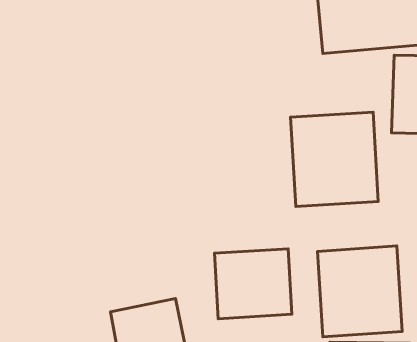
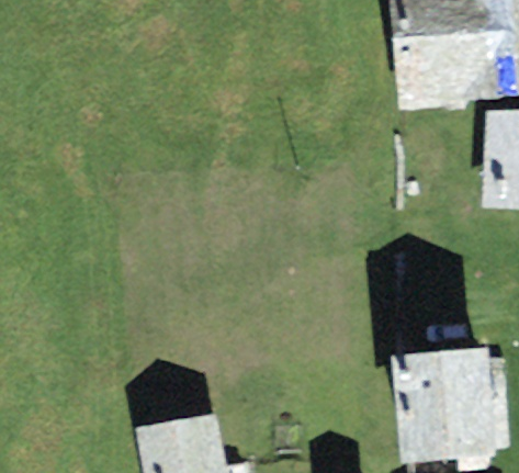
building: [291,112,378,207] -> none
building: [214,249,292,319] -> none

